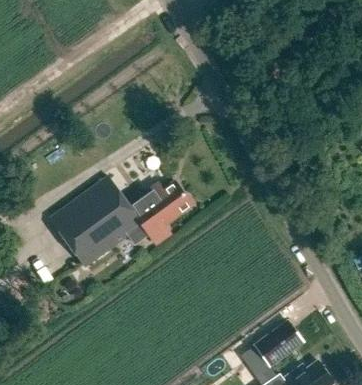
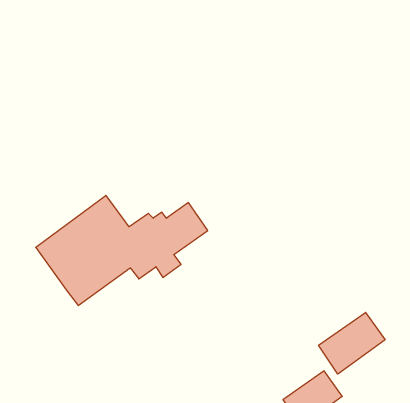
building: none -> [319,312,385,374]

